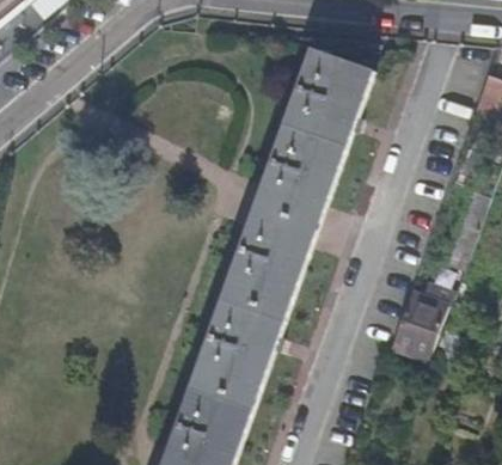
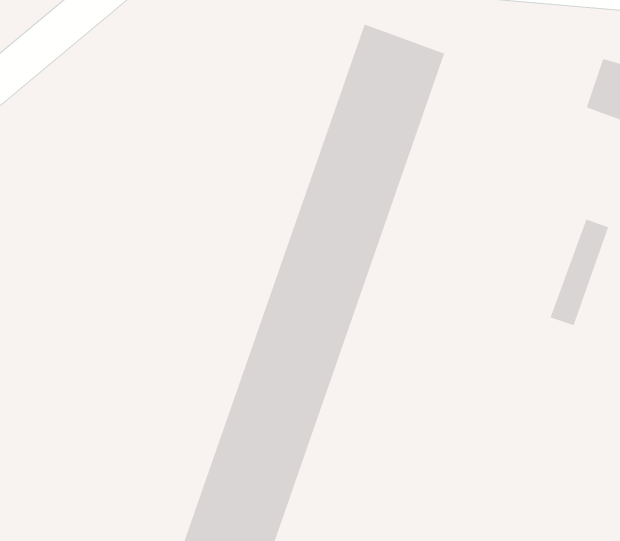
building: [391,280,448,357] -> none

